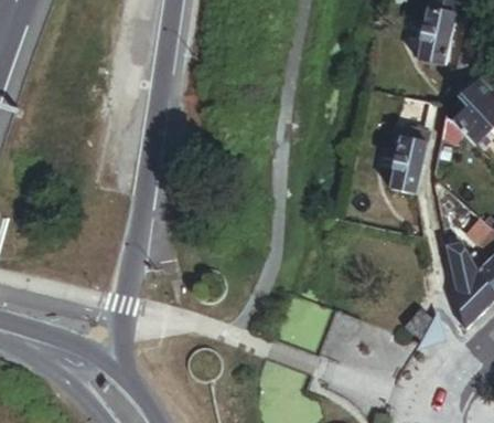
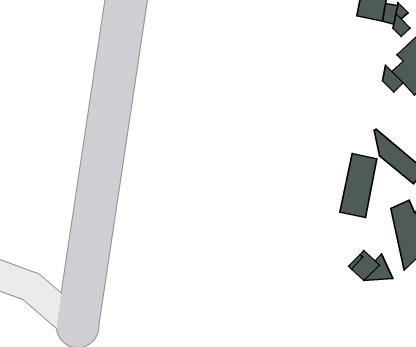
building: [390,125,430,193] -> [340,154,377,217]

